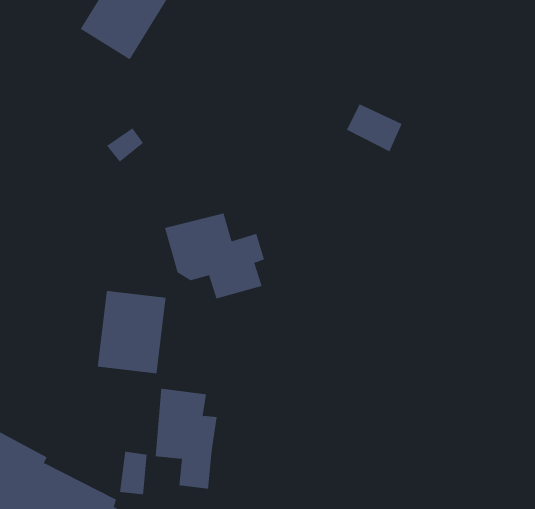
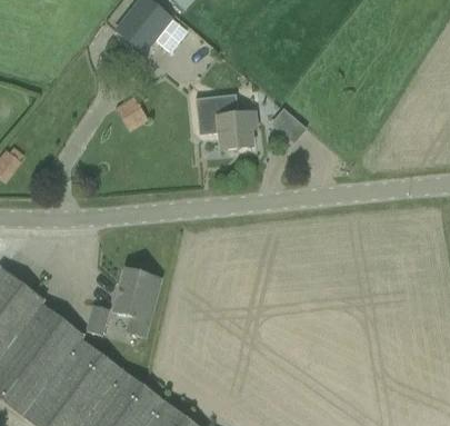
building: [164,213,265,299] -> [196,96,257,150]
building: [97,290,166,374] -> none

